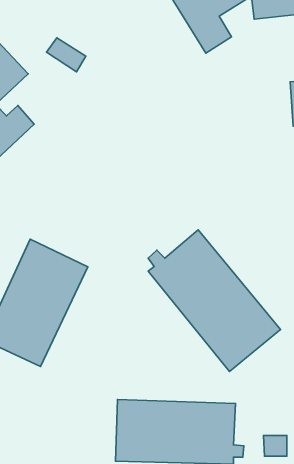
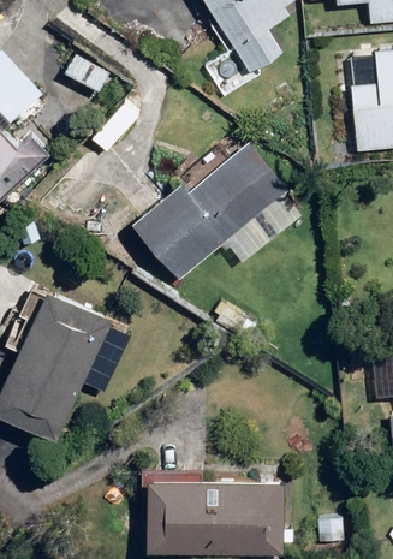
building: none -> [131,142,287,279]
building: [148,230,281,372] -> none

